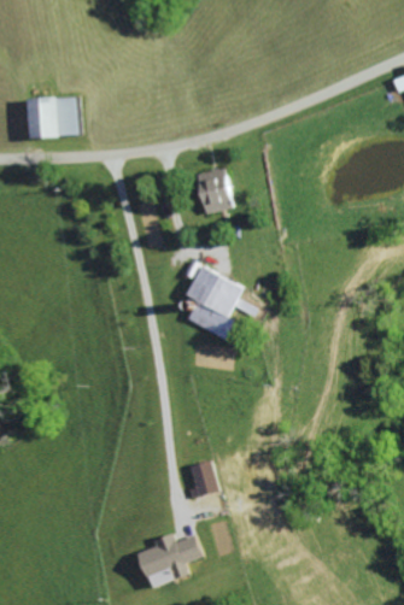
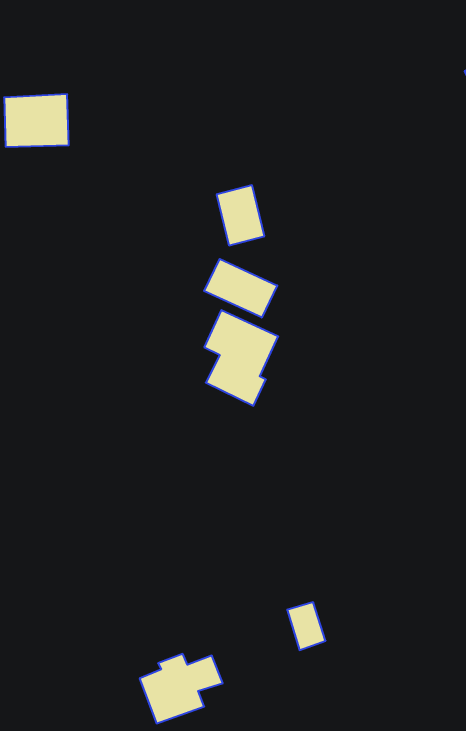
building: none -> [204,259,277,318]
building: [187,460,217,498] -> [287,602,326,650]

